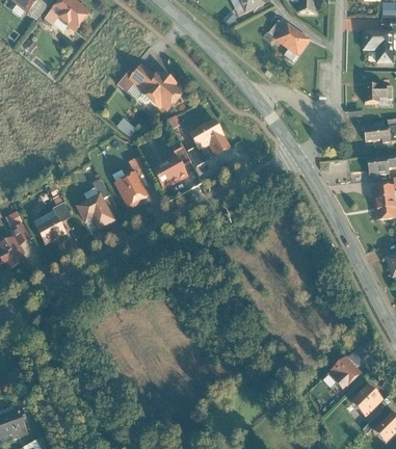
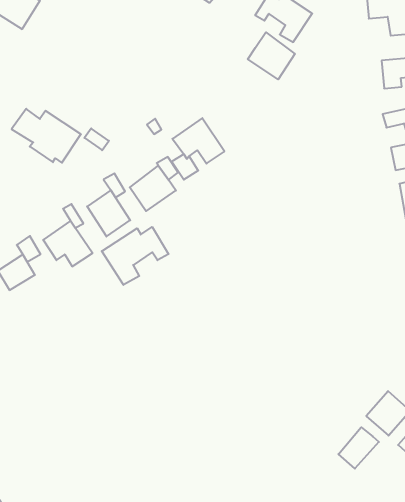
building: none -> [248,32,295,79]
building: [128,64,184,111] -> [12,109,81,163]
building: none -> [102,227,169,285]
building: none -> [338,427,379,469]

